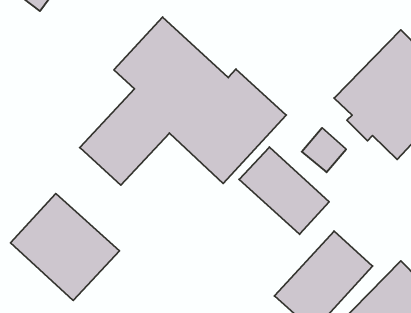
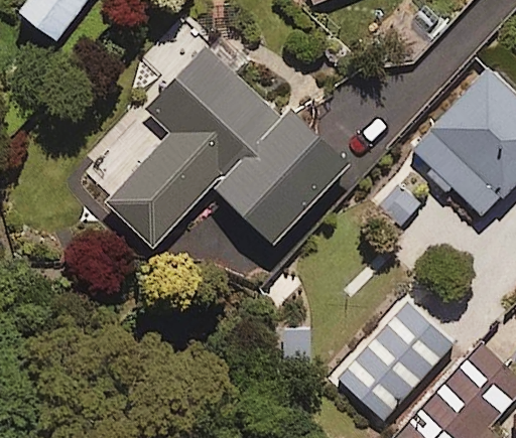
building: [239,147,329,234] -> none
building: [11,194,119,300] -> none

